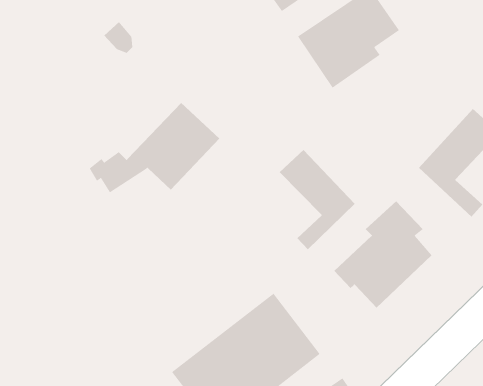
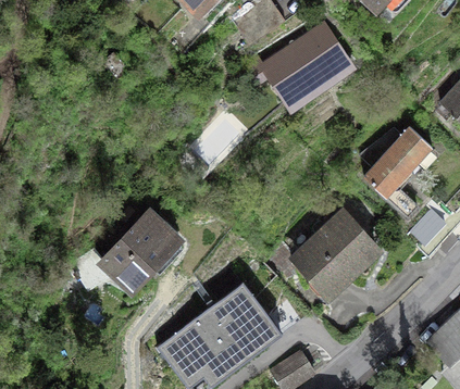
building: [89,102,220,193] -> [70,212,179,288]
building: [279,149,356,250] -> none

